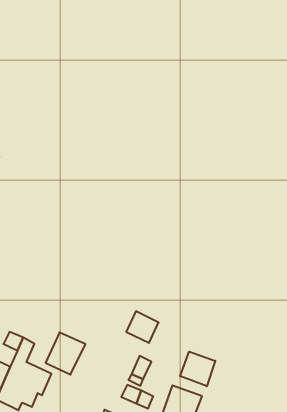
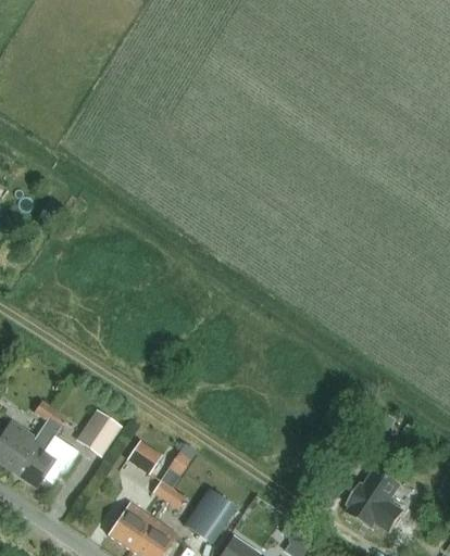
building: [126,311,159,343] -> [124,439,161,476]
building: [180,352,215,386] -> none

